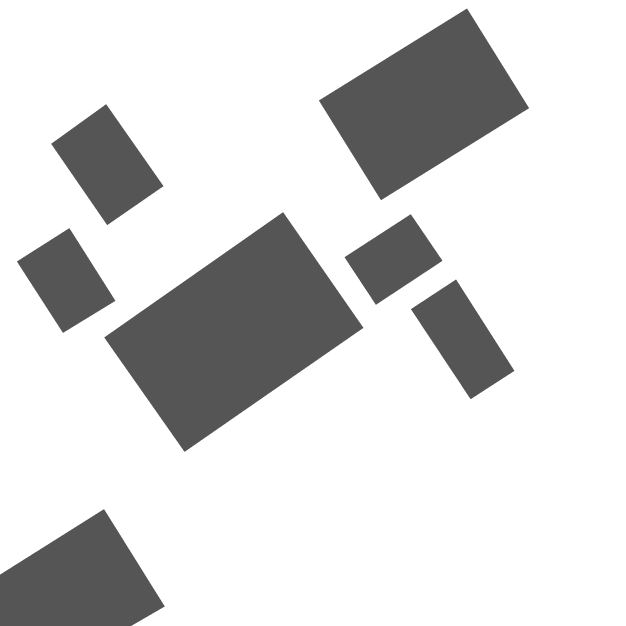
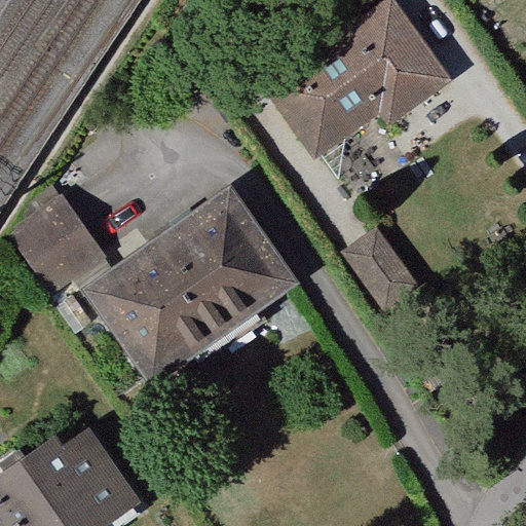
building: [50,103,165,226] -> none
building: [344,213,443,306] -> none

